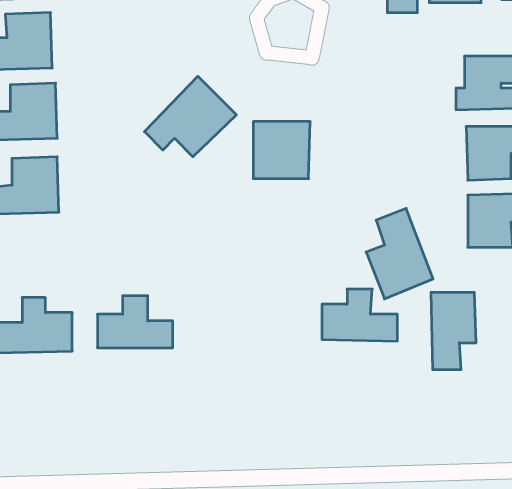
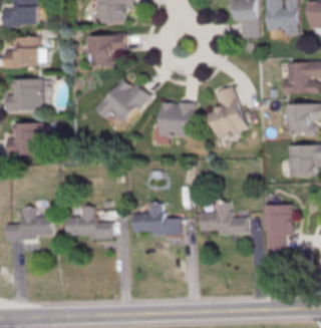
building: none -> [89,34,123,64]
building: [366,208,433,299] -> [209,85,249,139]
building: none -> [133,202,181,234]

